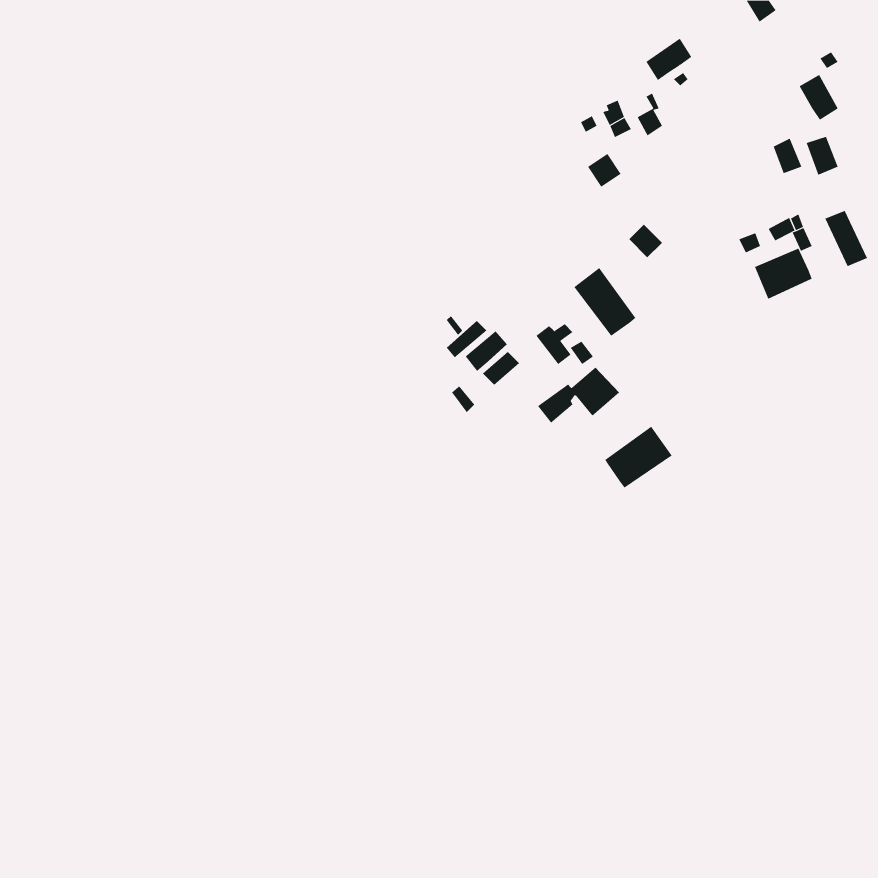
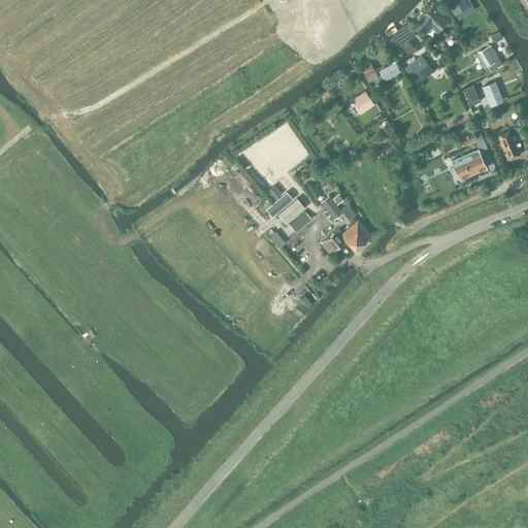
building: none -> [416,7,450,36]
building: none -> [406,56,434,81]
building: [573,267,636,336] -> none
building: [605,426,673,489] -> none

